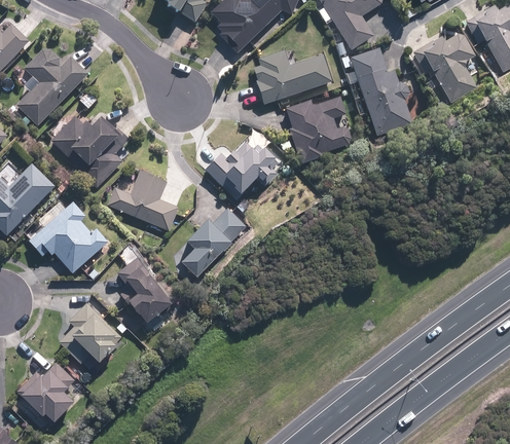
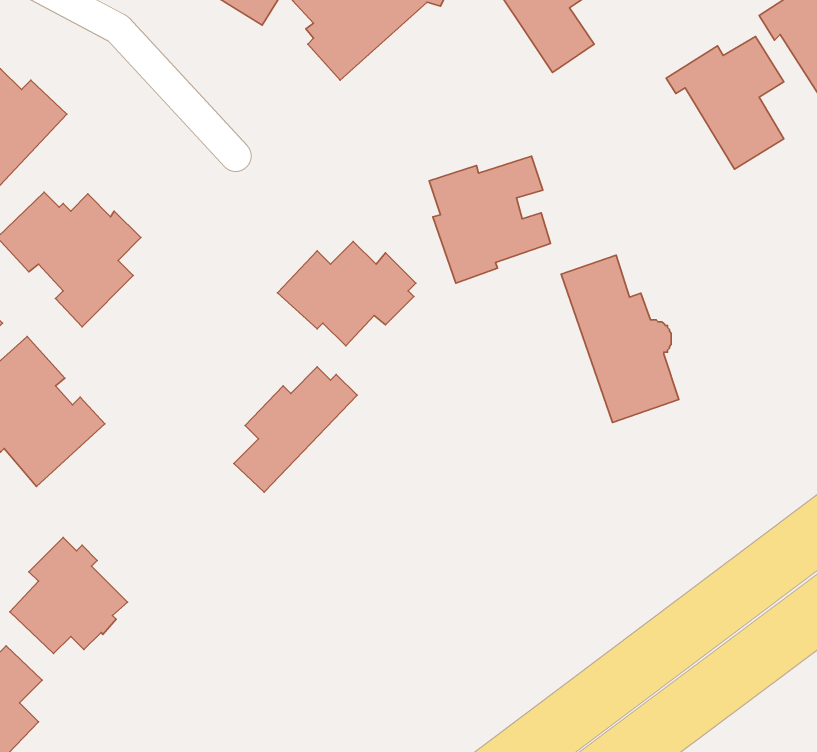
building: [349,46,412,137] -> [561,255,679,422]
building: [253,50,333,104] -> none
building: [107,170,179,230] -> none
building: [116,256,174,325] -> none

